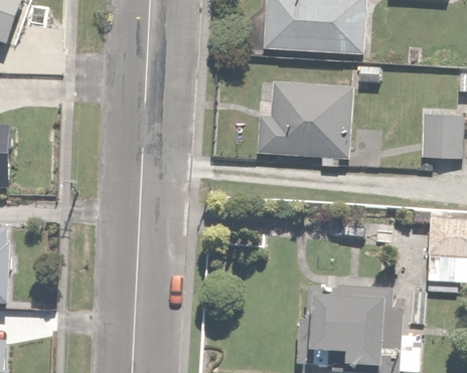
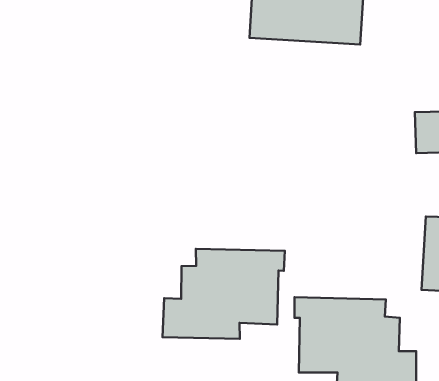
building: [257,84,351,154] -> none
building: none -> [162,249,285,339]

